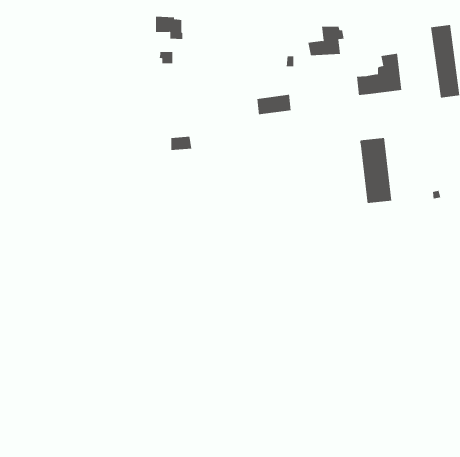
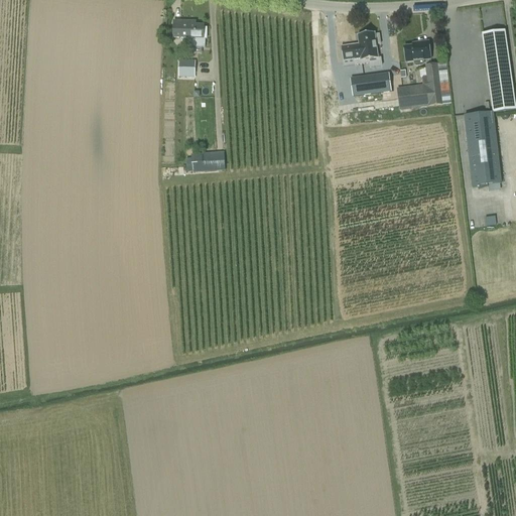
building: none -> [403,39,429,62]
building: [256,94,292,115] -> [351,71,390,94]
building: [359,138,392,203] -> [463,110,500,183]

